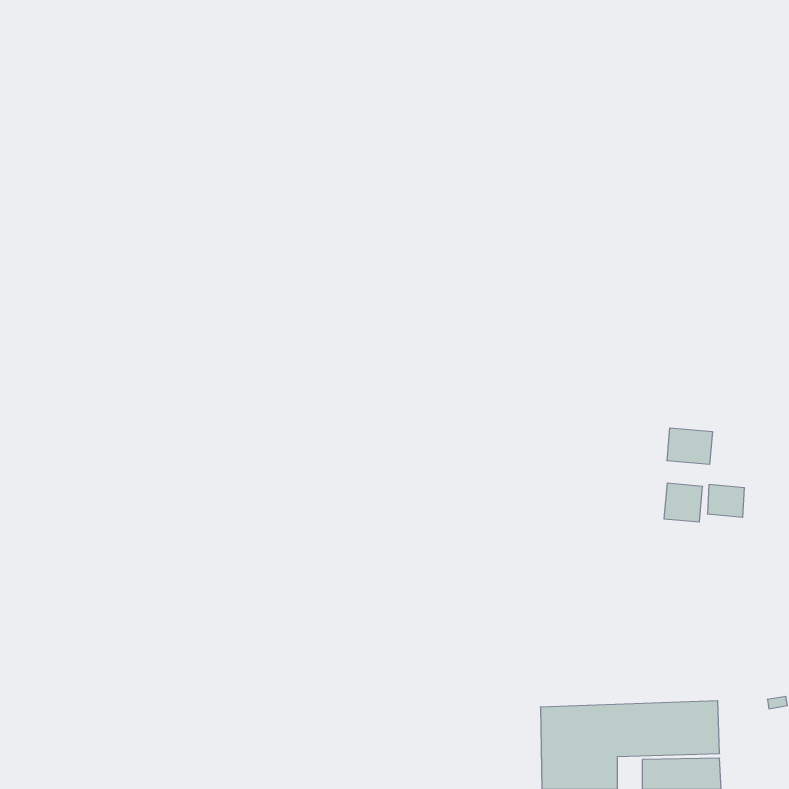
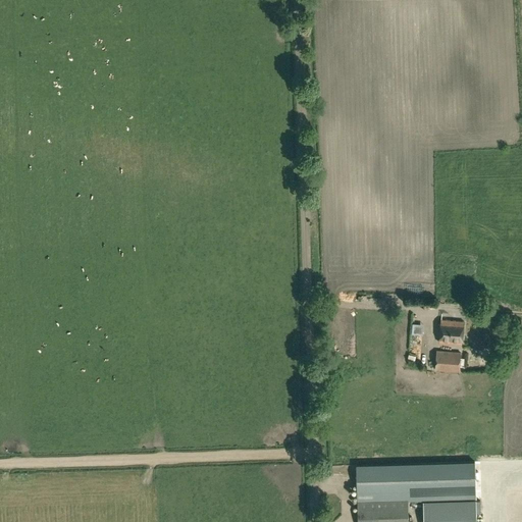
building: [667,428,712,464] -> none
building: [707,485,744,517] -> [435,351,460,372]

